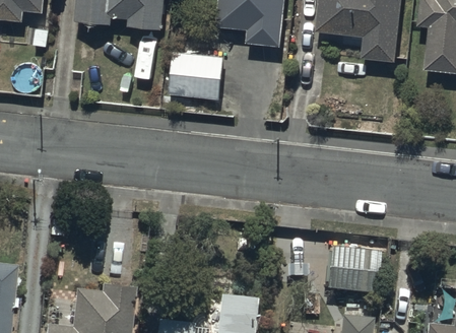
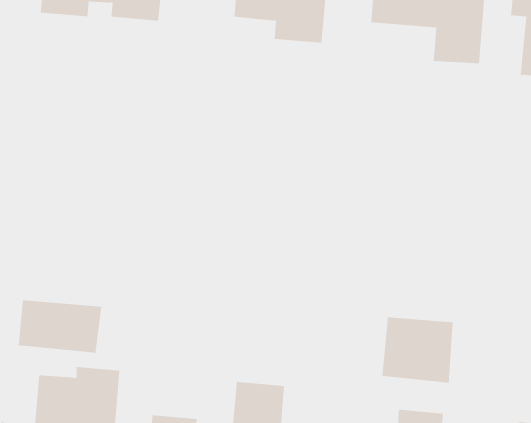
building: [169,55,223,104] -> none
building: none -> [18,299,102,354]

